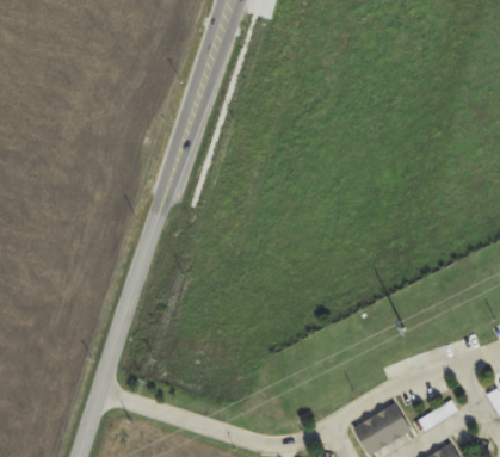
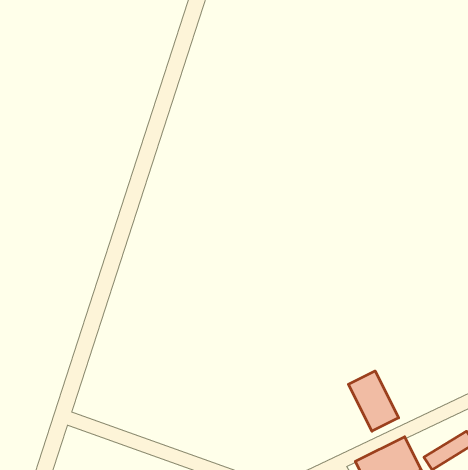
building: none -> [348,371,399,431]

